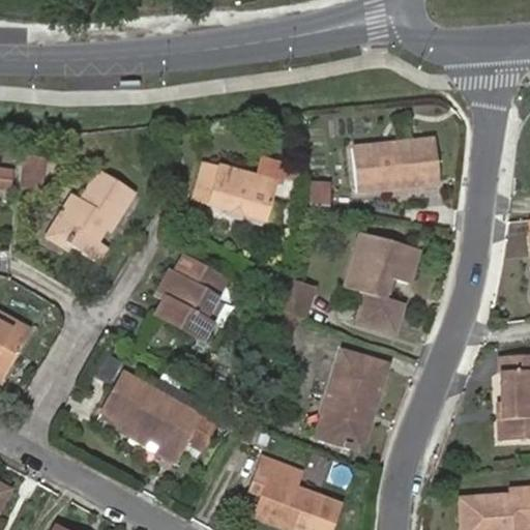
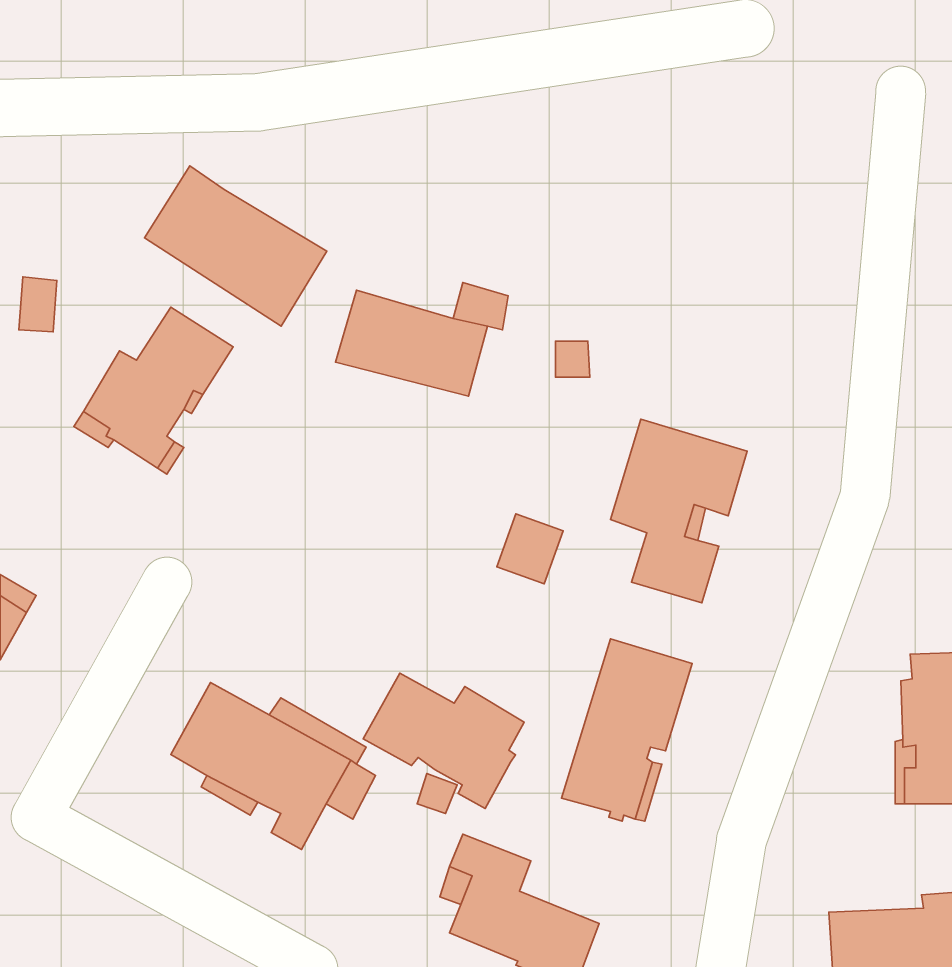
building: none -> [144,166,327,326]
building: [352,136,439,189] -> none
building: [155,255,226,340] -> none
building: none -> [363,673,524,808]

